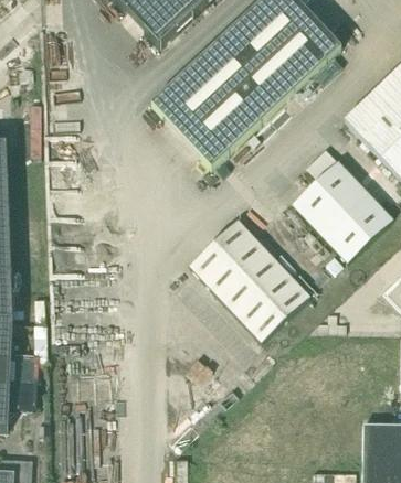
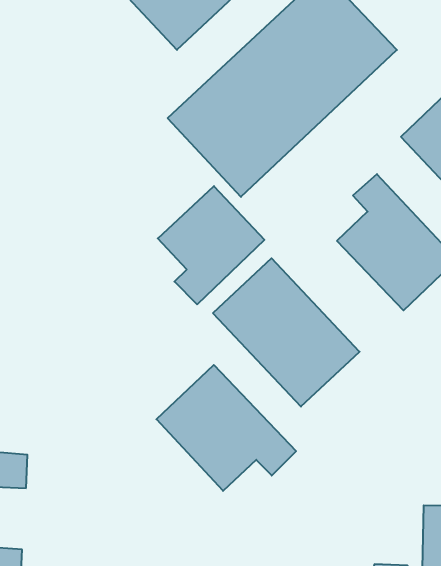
building: none -> [158,186,264,304]
building: none -> [156,365,296,491]

